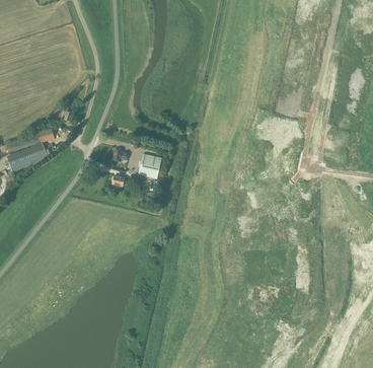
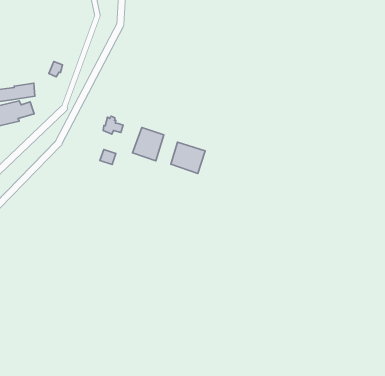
building: none -> [171,142,205,174]

